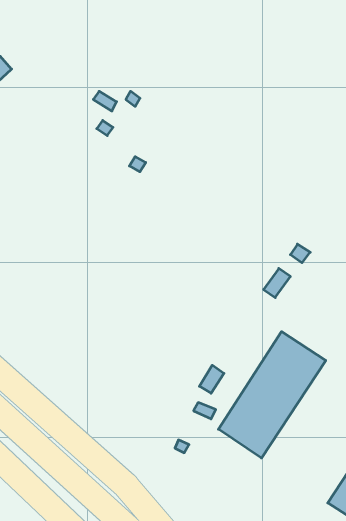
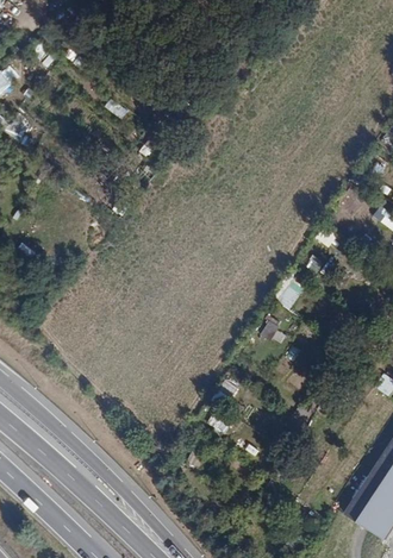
building: [218,332,326,458] -> none

